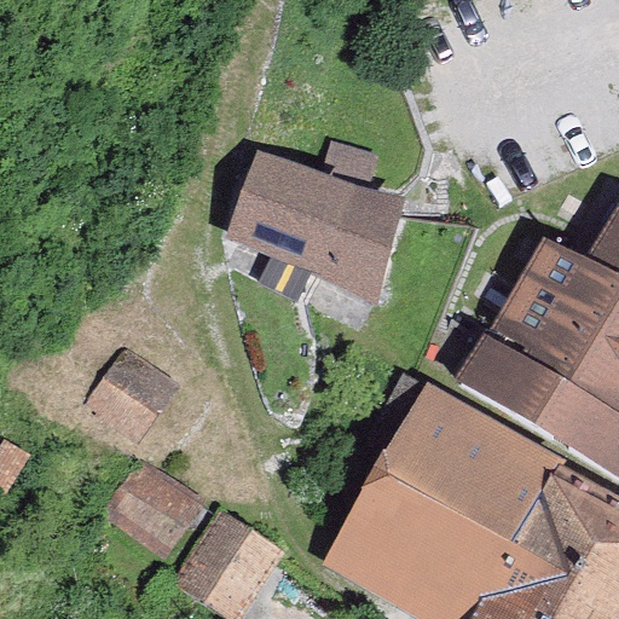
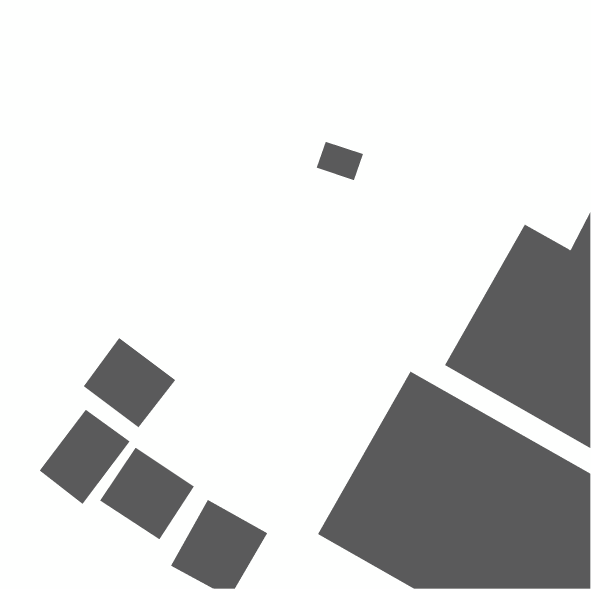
building: [236,162,412,311] -> none
building: none -> [39,409,130,505]

